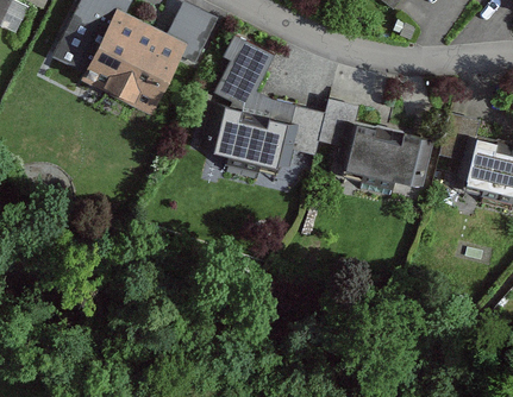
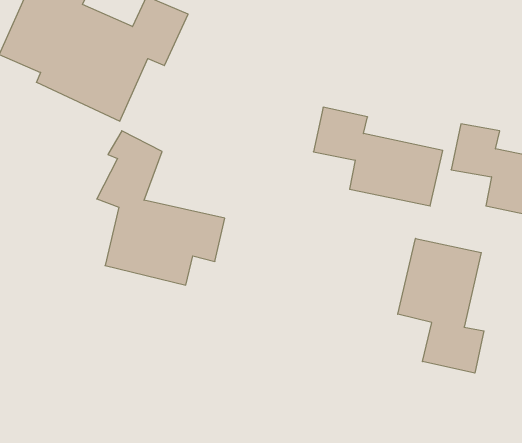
building: [213,38,323,170] -> [97,131,225,285]
building: none -> [398,238,484,373]

